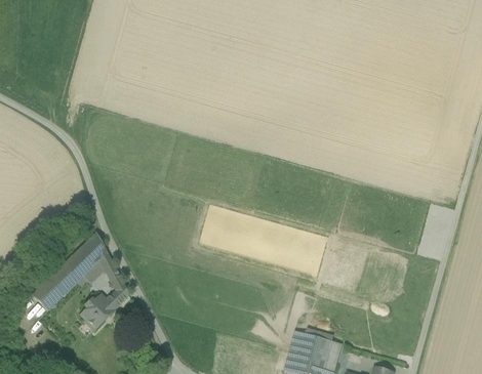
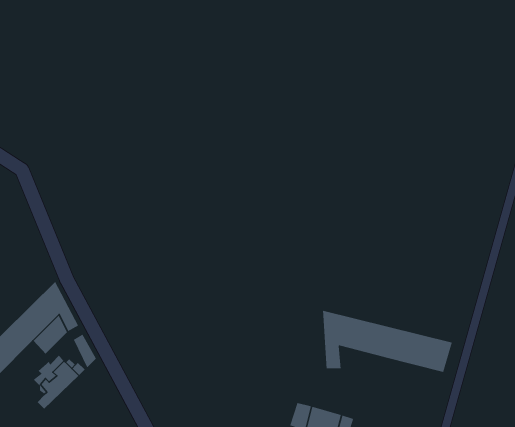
building: none -> [322,310,453,373]

